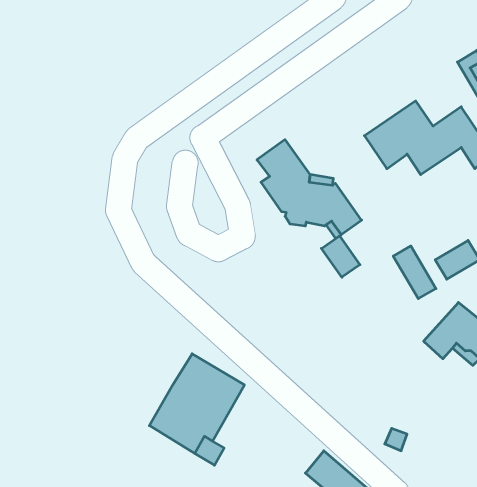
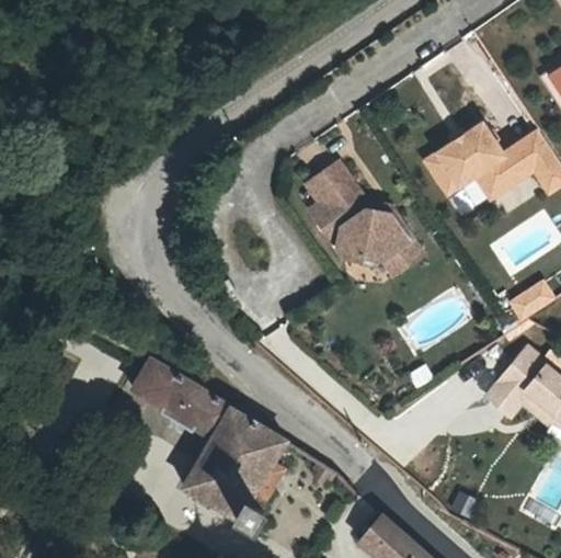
building: [321,236,360,277] -> none
building: [393,246,436,299] -> none
building: none -> [129,356,231,441]

